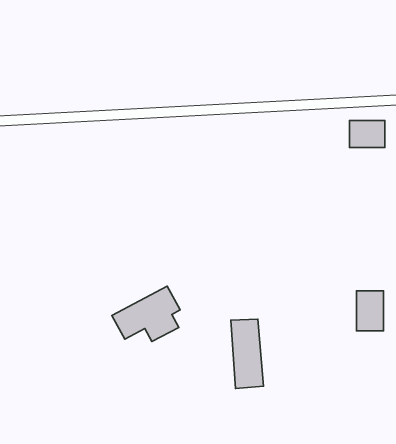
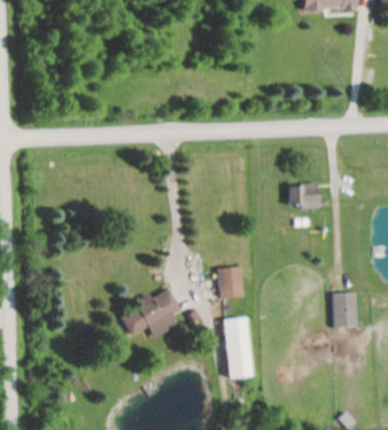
building: [350,120,385,147] -> [289,185,320,208]
building: none -> [219,268,242,298]

